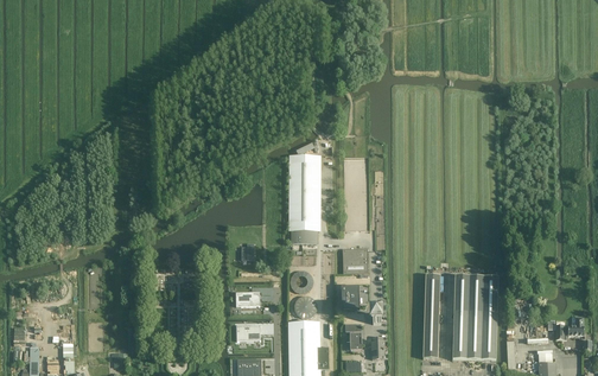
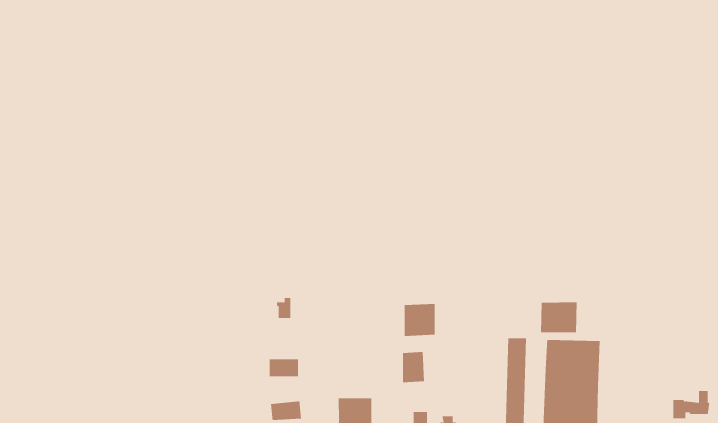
building: [291,154,318,243] -> none
building: none -> [540,302,577,333]

